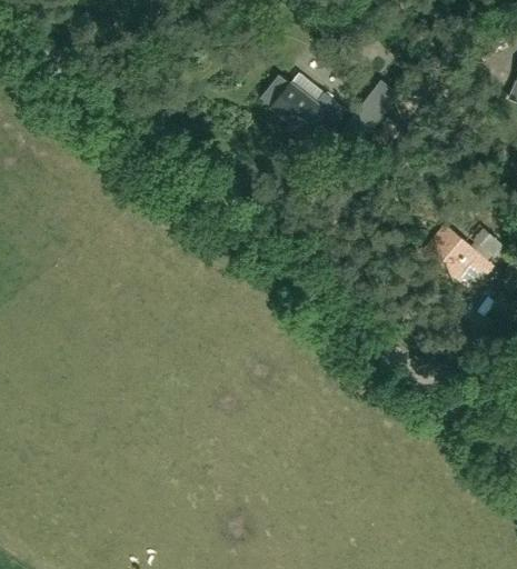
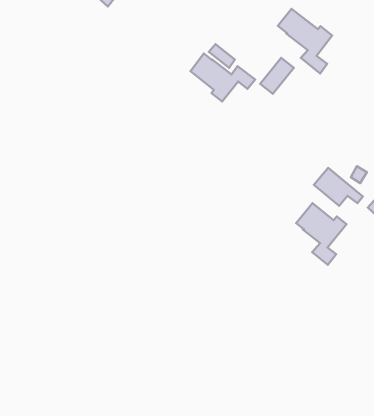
building: none -> [278,9,332,73]
building: none -> [296,203,346,265]

